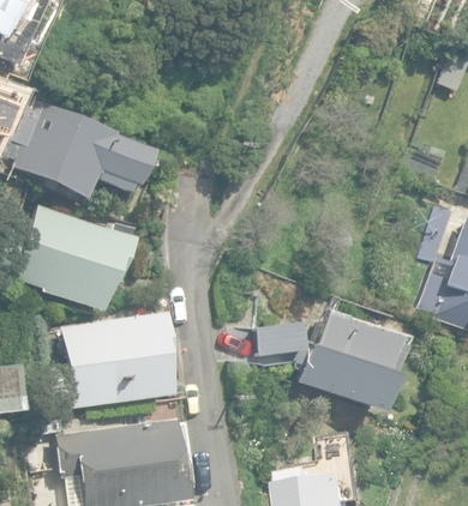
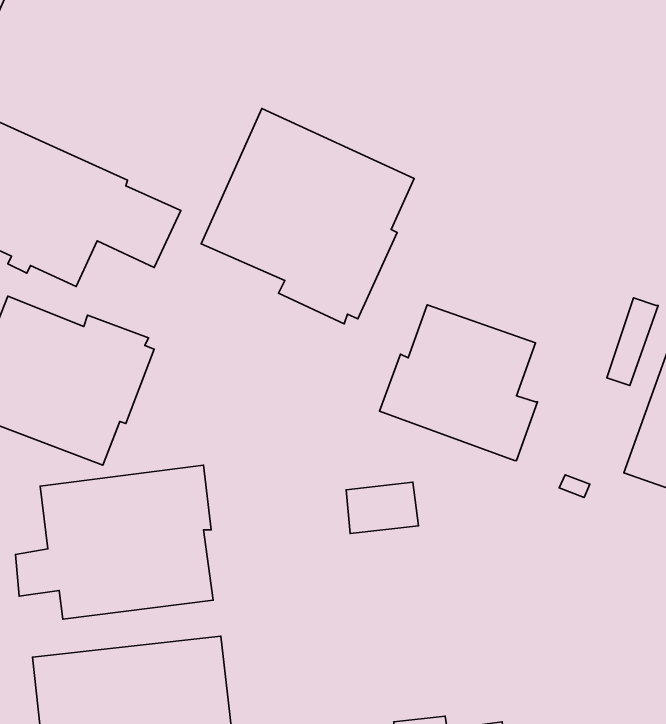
building: none -> [201,108,414,324]
building: [295,314,395,412] -> [380,305,537,461]

